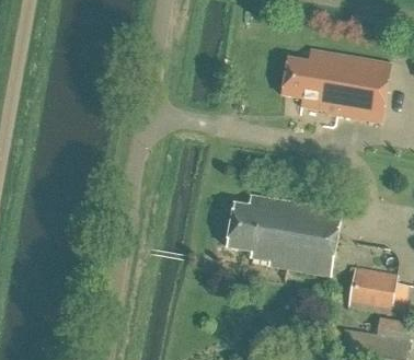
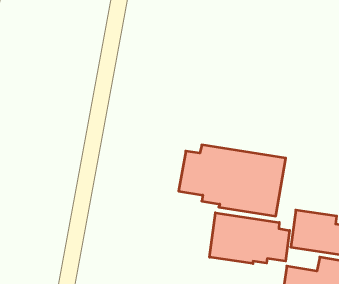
building: [281,49,391,121] -> none
building: none -> [210,213,290,264]

